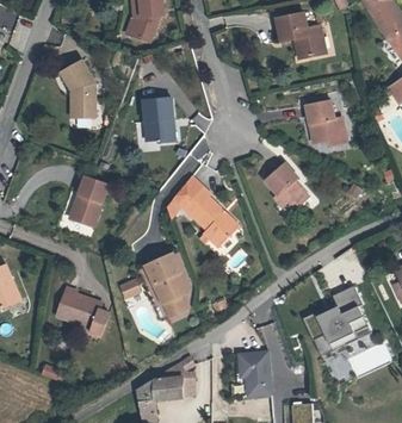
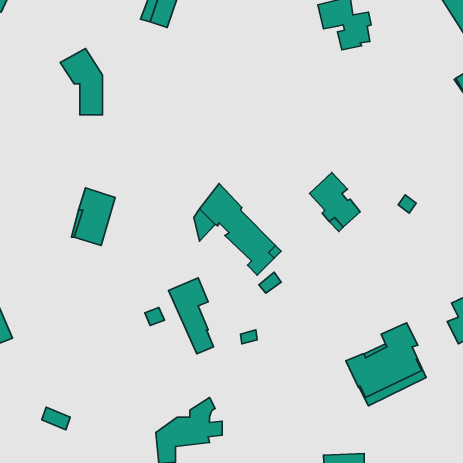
building: [304,98,345,142] -> none
building: [142,99,172,145] -> none
building: [54,286,106,337] -> none
building: [243,347,272,386] -> none

